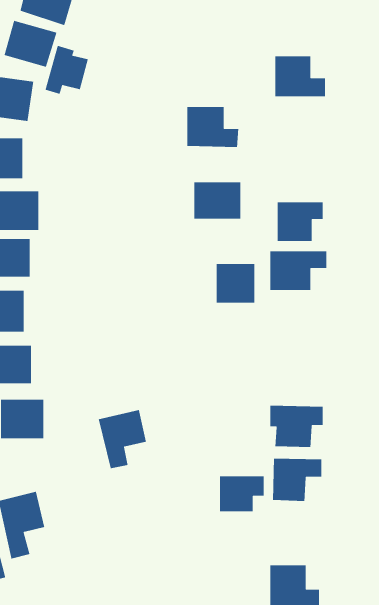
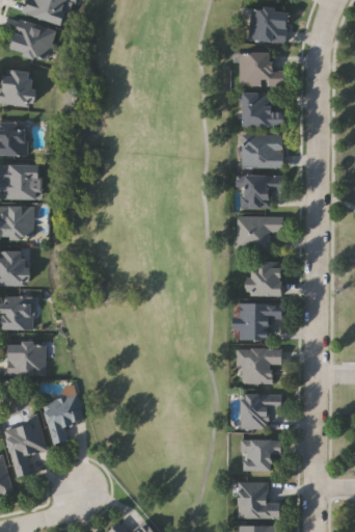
building: none -> [249,8,288,42]
building: [45,45,89,95] -> none
building: [186,106,239,148] -> [239,92,283,128]
building: [193,181,241,219] -> [241,135,281,167]
building: [216,263,255,304] -> [247,262,280,296]
building: none -> [238,303,280,340]
building: [98,409,147,469] -> [44,394,85,445]
building: [219,476,264,512] -> [241,440,279,471]

